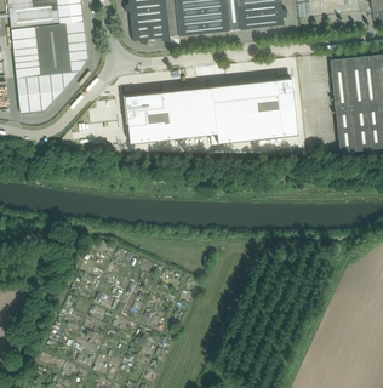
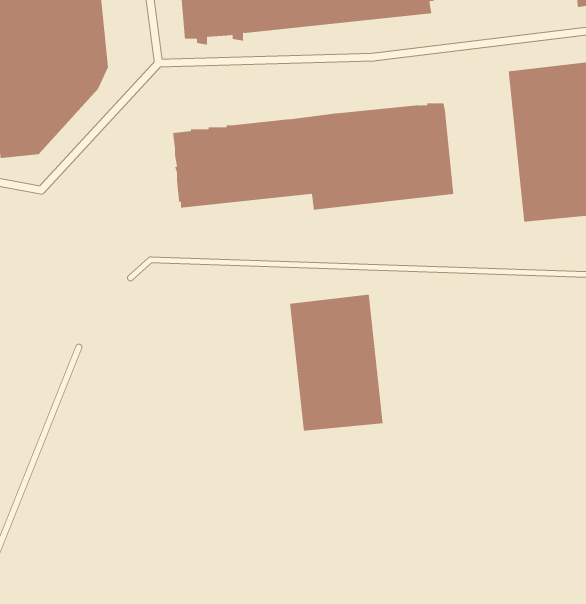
building: none -> [290,294,383,432]

